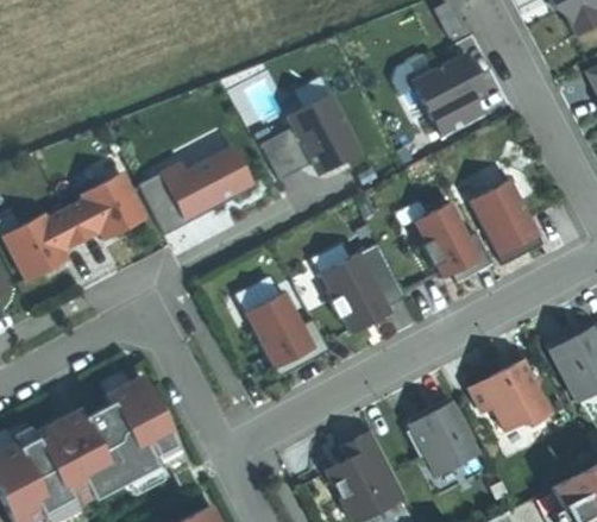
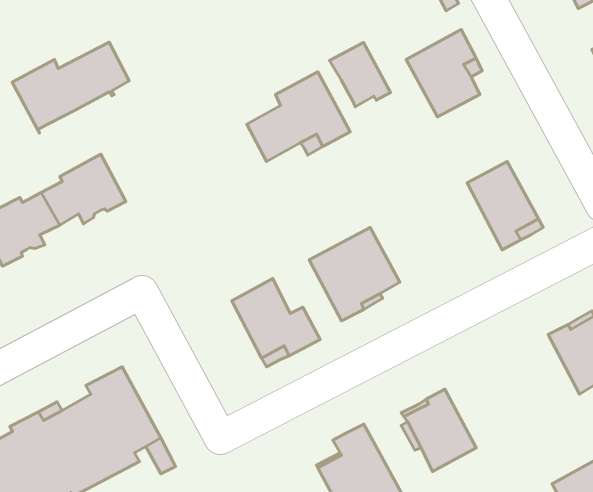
building: none -> [330,43,391,107]
building: [139,146,251,233] -> [12,42,129,133]
building: [414,202,491,279] -> none
building: [470,360,549,430] -> none

